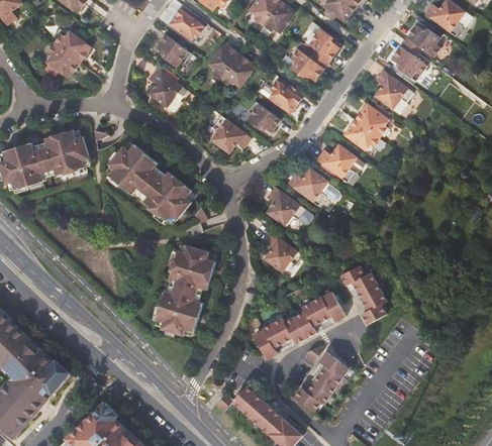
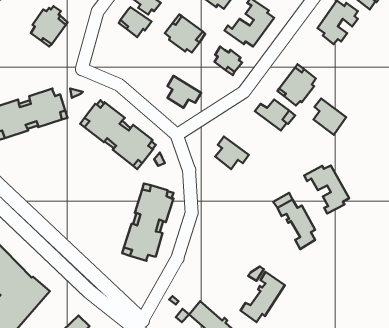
building: [373,68,412,111] -> [314,99,346,135]
building: [146,69,185,112] -> none
building: [245,101,279,131] -> none
building: [289,166,328,204] -> none
building: none -> [304,165,349,213]
building: [266,233,304,272] -> none
building: [256,291,348,359] -> none

